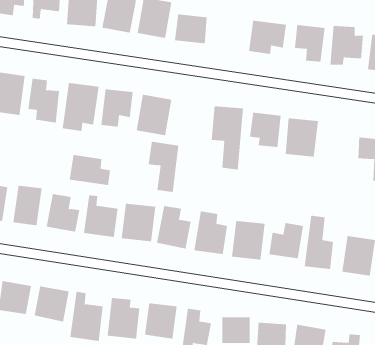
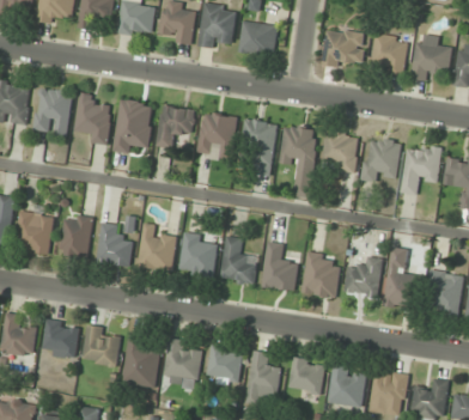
building: none -> [402,144,441,193]
building: [148,141,179,192] -> [242,118,276,176]
building: [69,154,111,186] -> none

